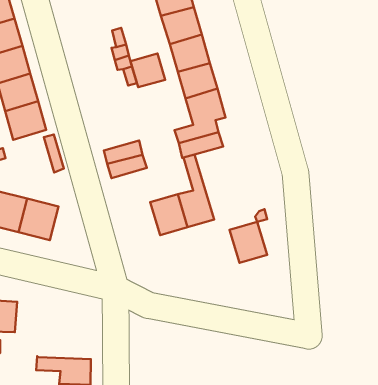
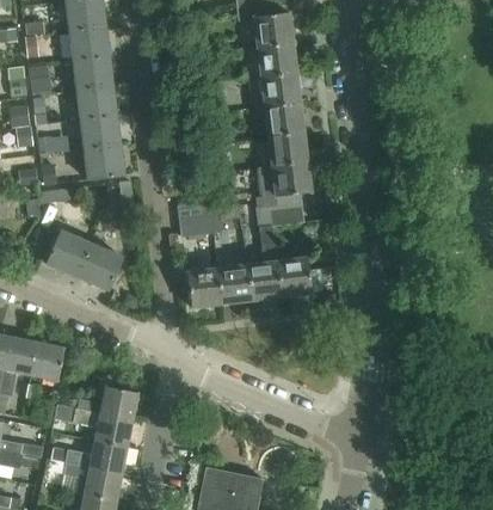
building: [130,53,165,87] -> none
building: none -> [187,268,223,307]
building: [230,222,267,263] -> [277,257,312,296]
building: none -> [78,387,137,420]

